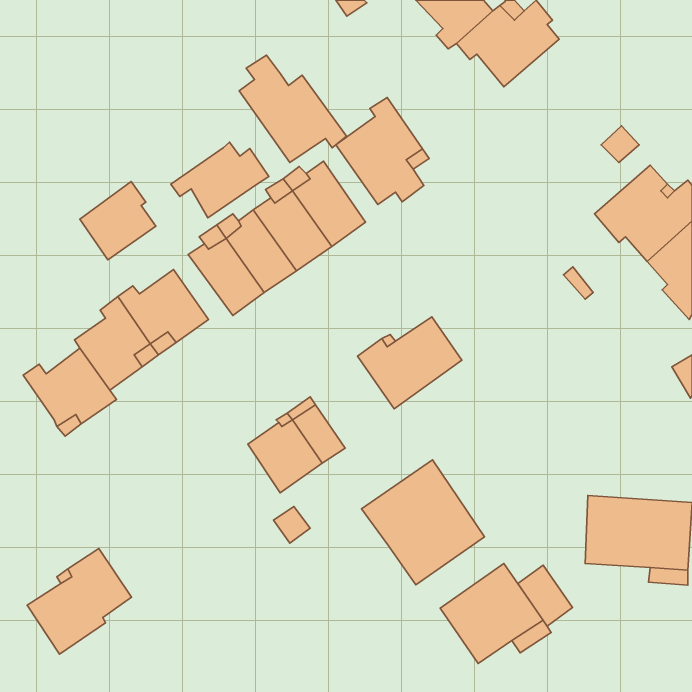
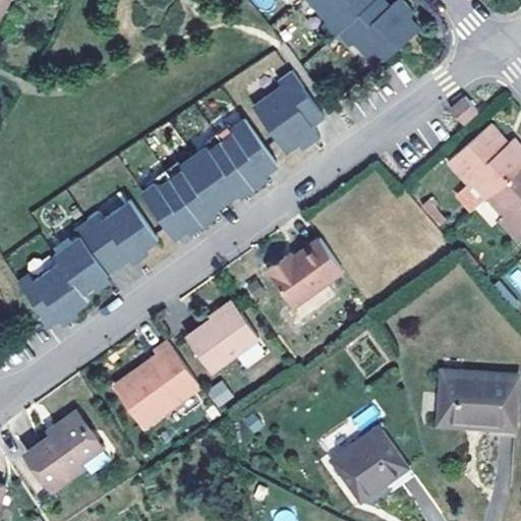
building: [239,55,346,163] -> none
building: [171,142,269,218] -> none
building: [80,182,156,260] -> none
building: none -> [119,341,202,426]
building: [361,460,485,585] -> none
building: [518,565,572,626] -> none

